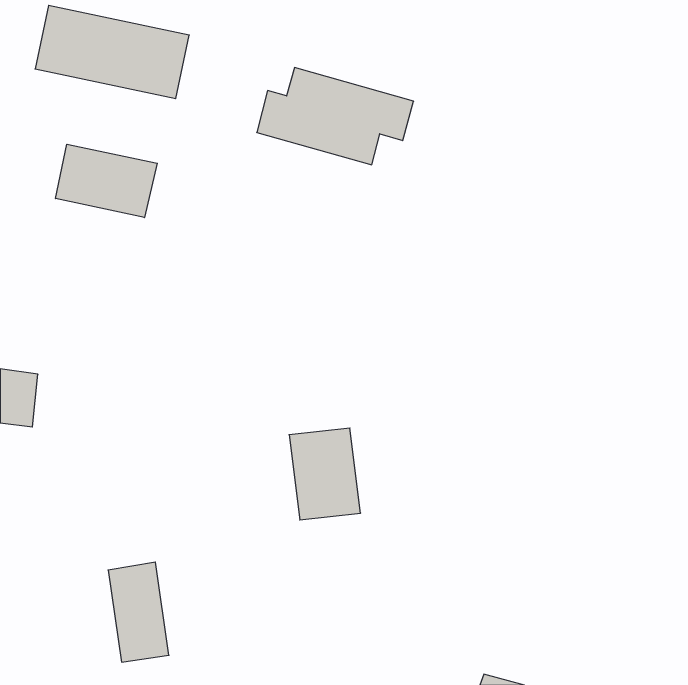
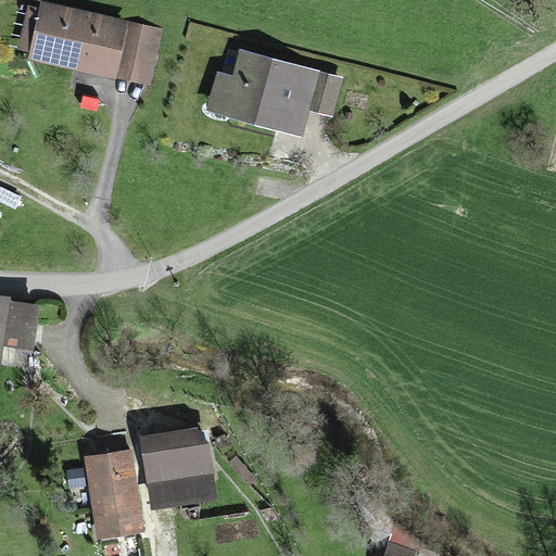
building: [56,144,157,218] -> none
building: [289,428,361,520] -> [150,429,207,503]

